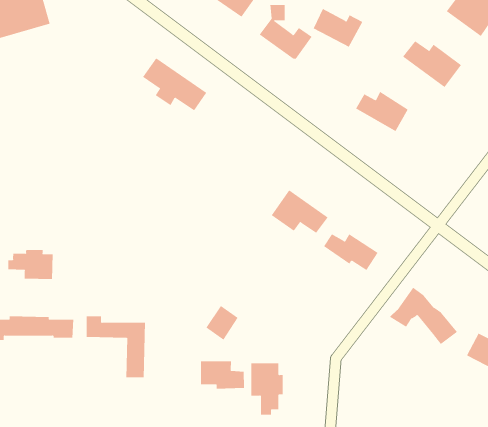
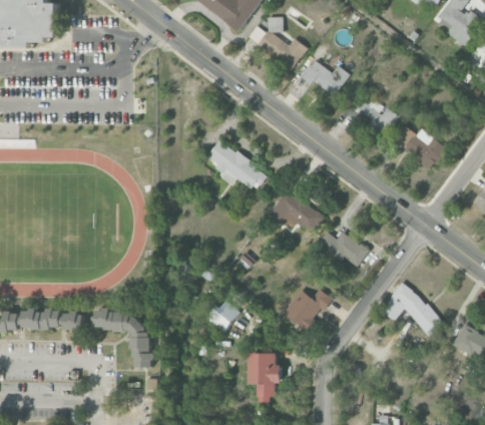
building: [313,8,363,48] -> [302,59,349,96]
building: [402,41,462,88] -> [391,125,447,169]
building: [142,58,207,111] -> [204,140,266,190]
building: [8,249,53,280] -> none
building: none -> [282,288,331,331]
building: [201,361,244,389] -> none

